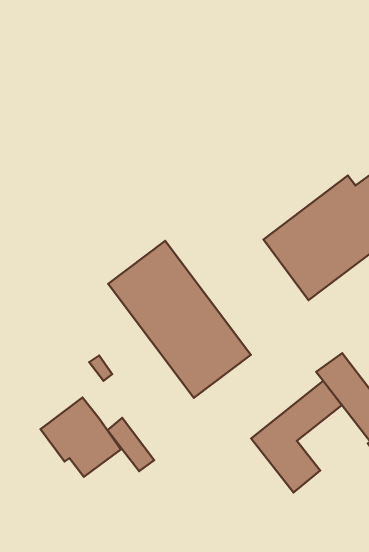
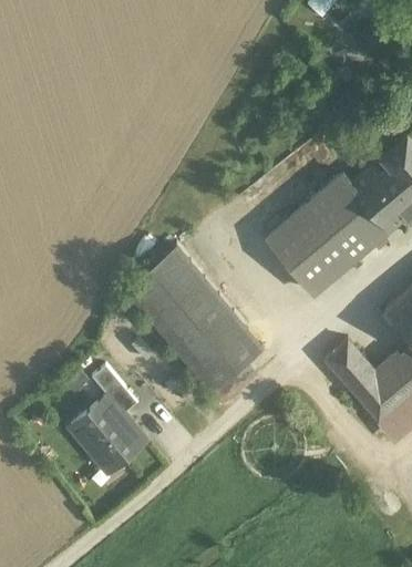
building: [251,381,342,493] -> none
building: [107,418,154,471] -> [91,367,136,415]

